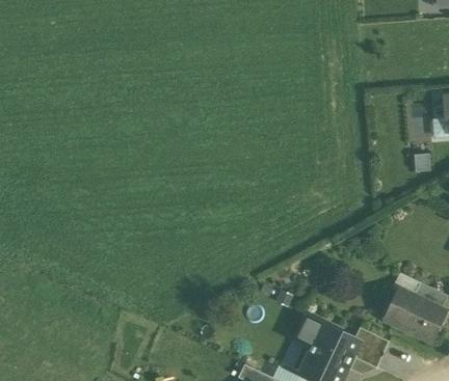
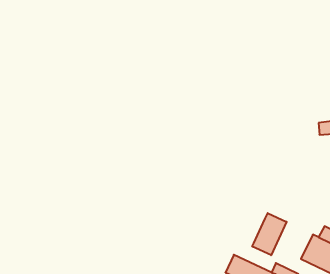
building: none -> [252,213,287,255]

